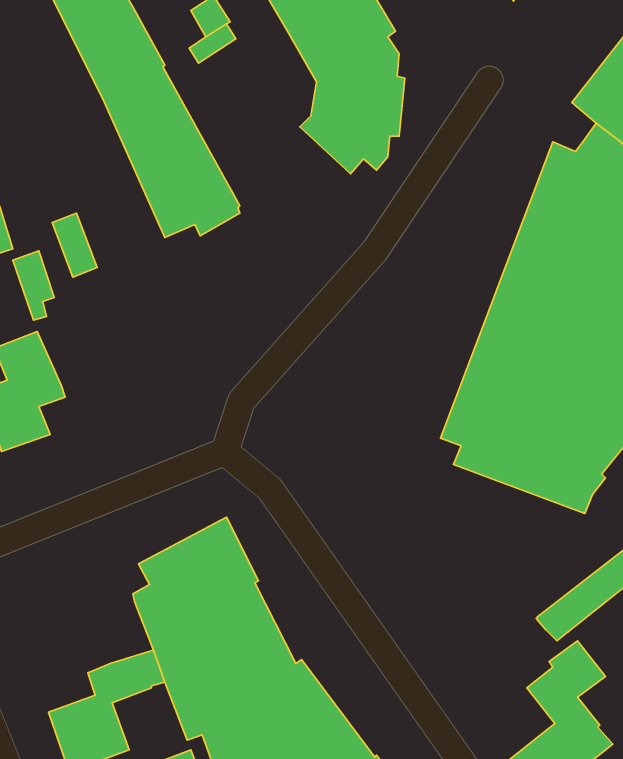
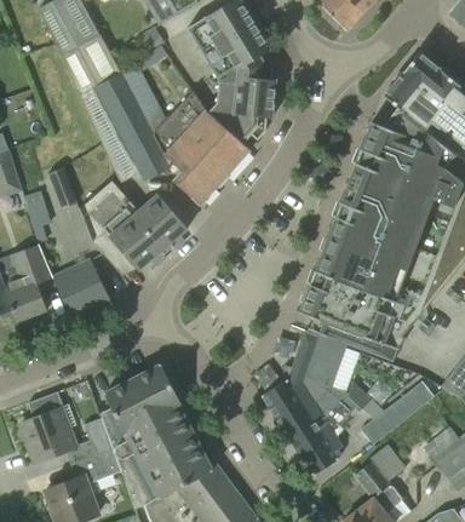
building: none -> [120,64,249,203]
building: none -> [80,179,186,275]
building: none -> [54,253,110,316]
building: none -> [262,329,358,475]
building: none -> [21,391,114,464]

